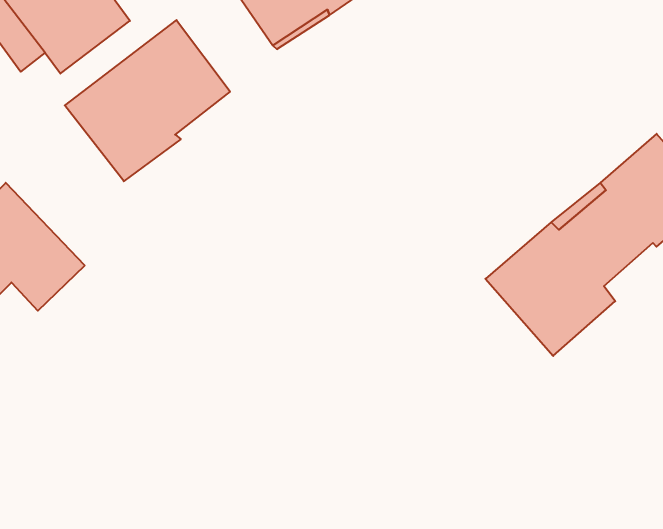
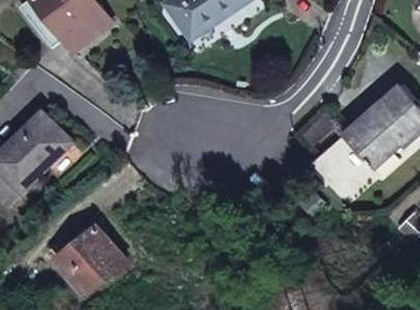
building: [65,20,230,181] -> none
building: none -> [54,225,125,294]

